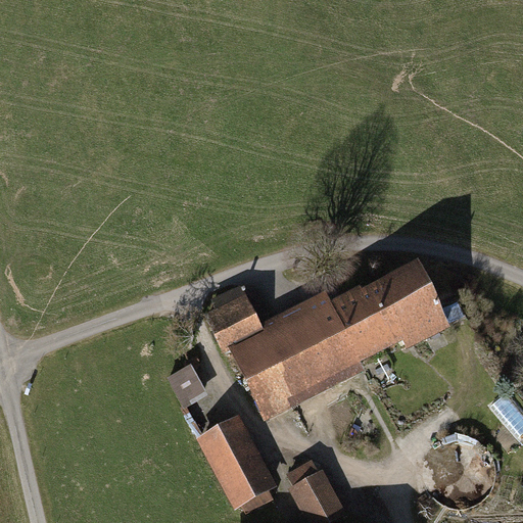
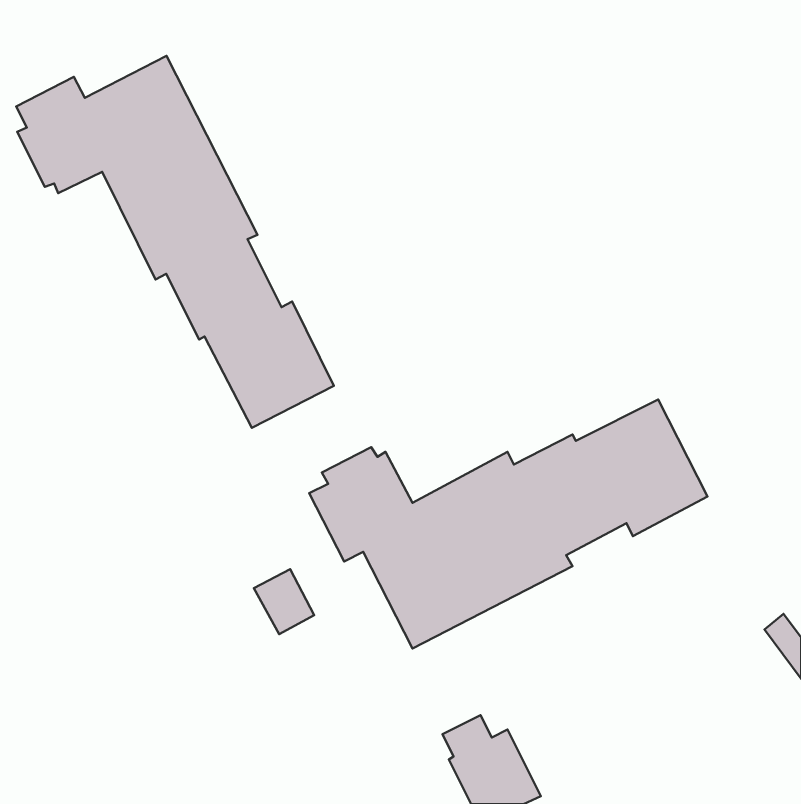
building: none -> [16,56,334,428]
building: [197,418,275,512] -> none

